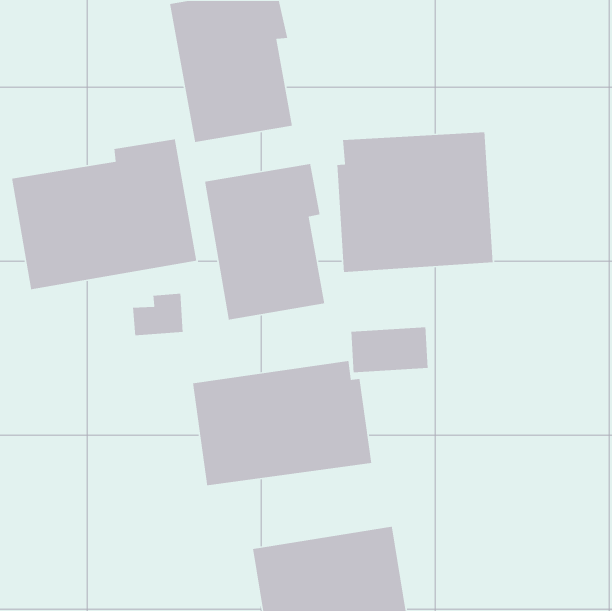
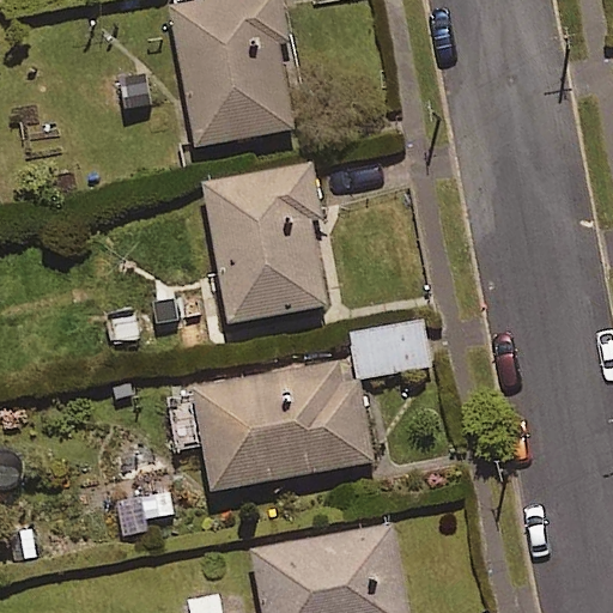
building: [336,132,493,273] -> none
building: [11,139,197,290] -> none

